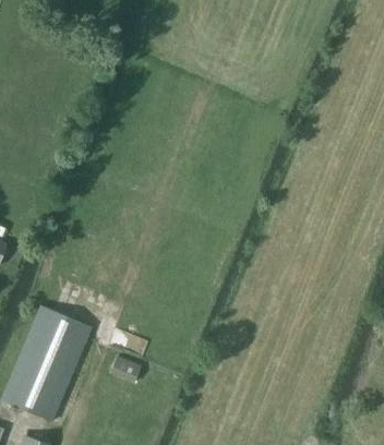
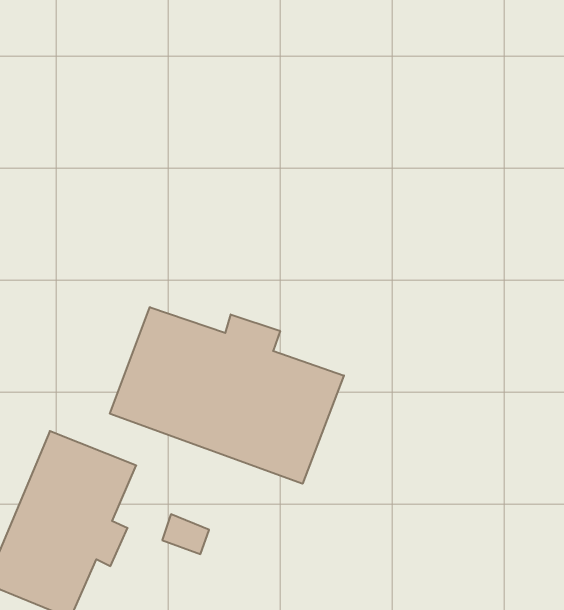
building: none -> [110,307,344,484]

